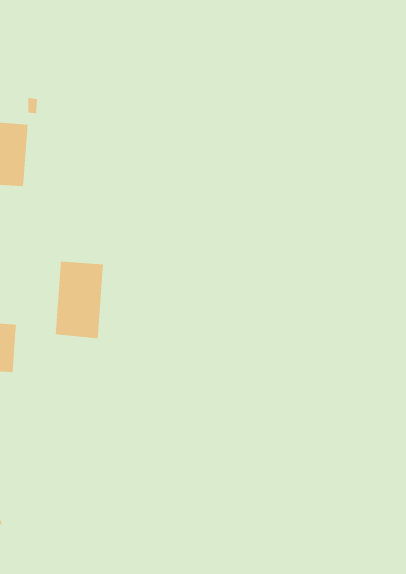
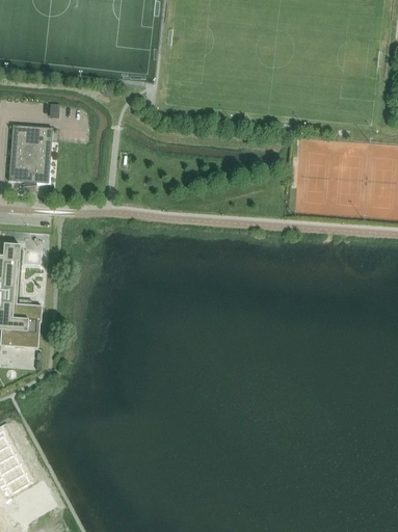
building: [55,261,104,339] -> none

